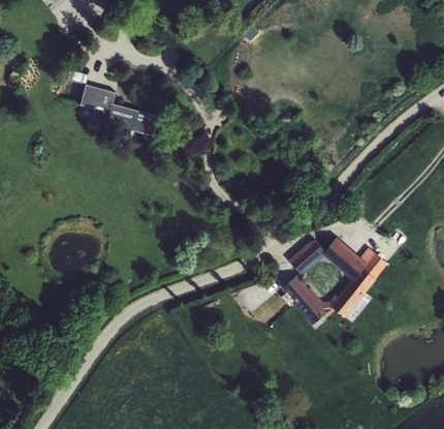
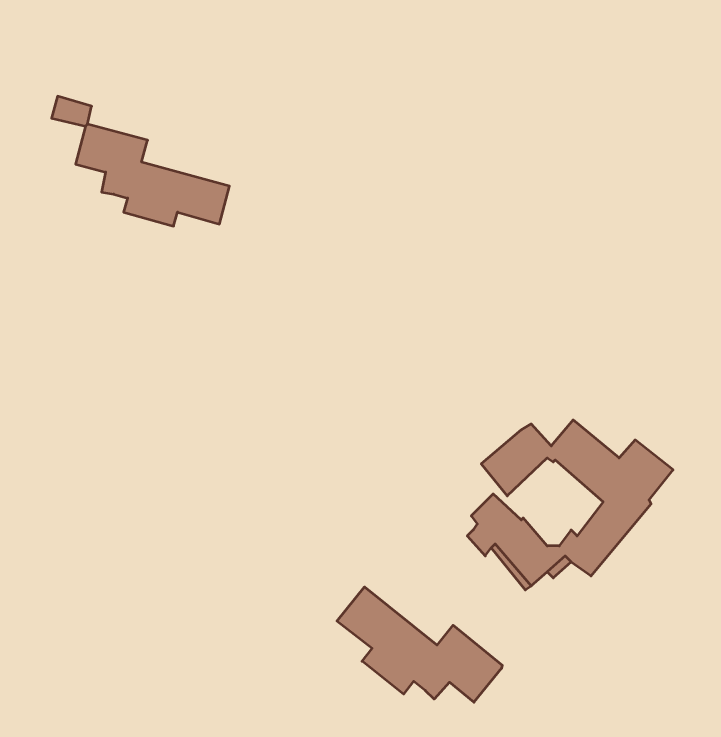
building: none -> [337,587,502,702]

